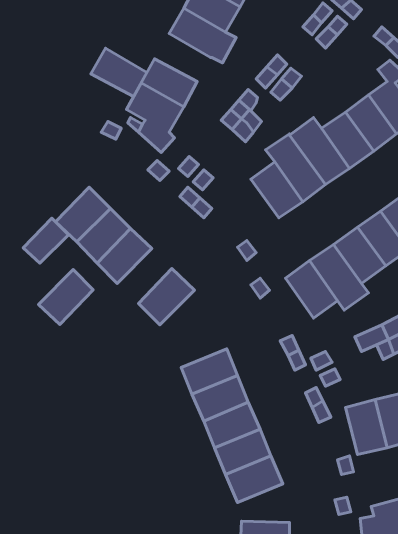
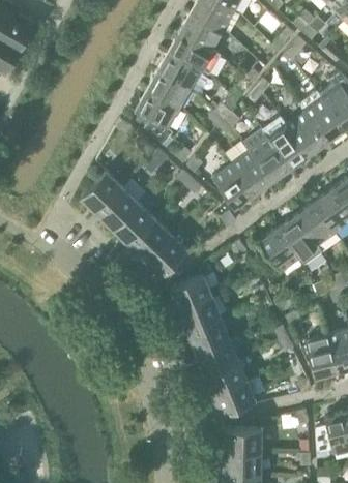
building: [91,48,147,96] -> [156,52,200,89]
building: none -> [212,164,253,208]
building: [23,218,68,263] -> none
building: [38,270,93,324] -> [127,218,170,261]
building: none -> [169,275,212,310]

